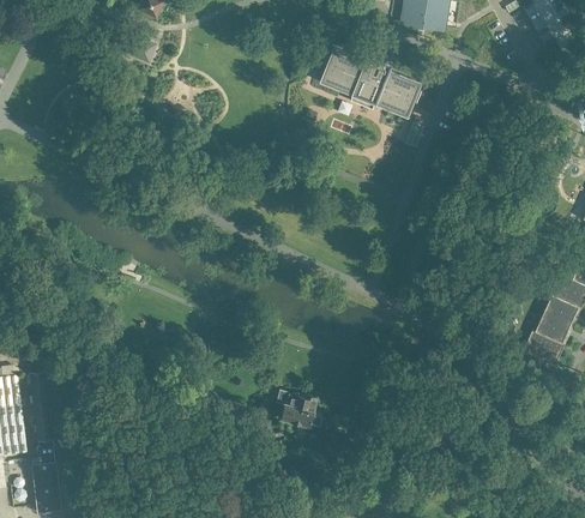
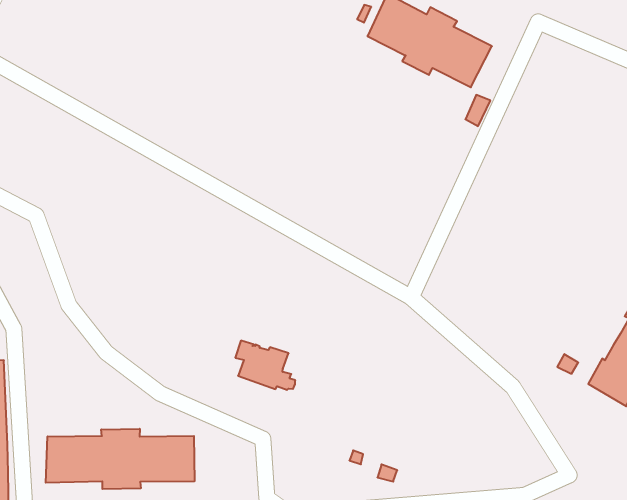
building: [276,390,326,427] -> [235,341,295,390]
building: none -> [46,429,194,489]

